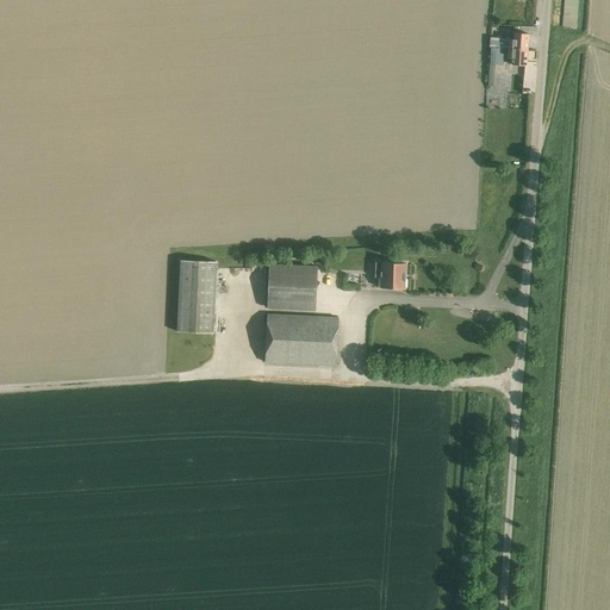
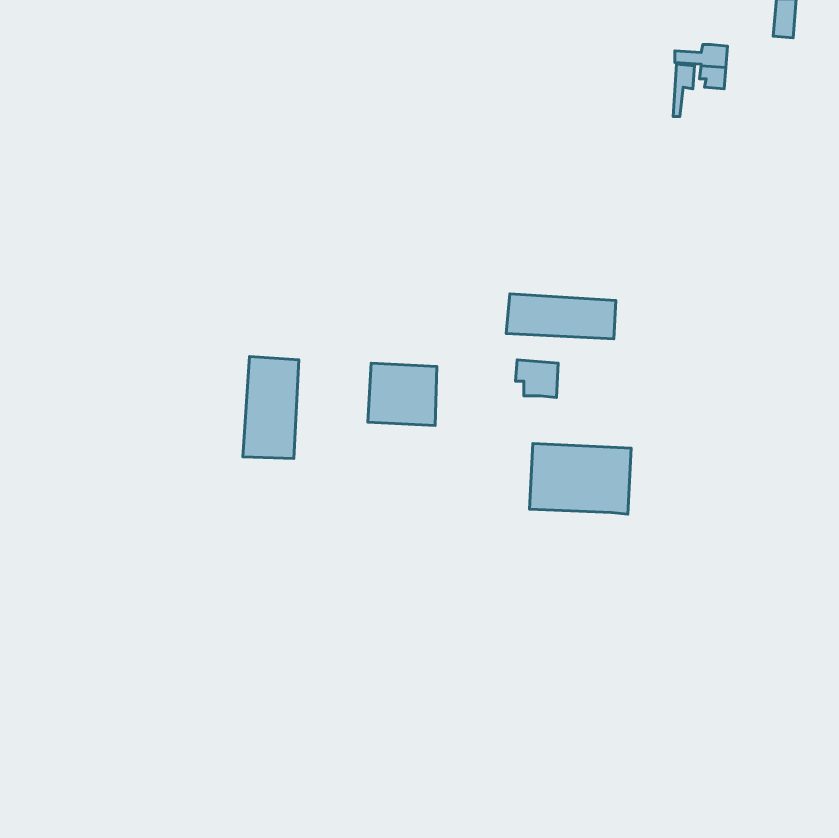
building: none -> [506,294,616,339]
building: [264,313,338,365] -> [529,443,631,514]

